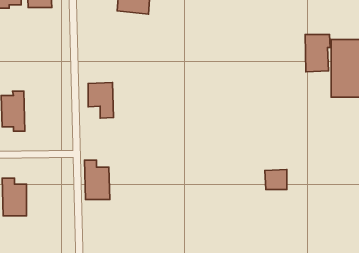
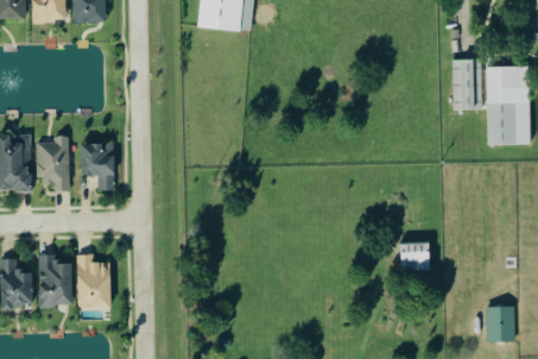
building: [88,83,113,118] -> [81,141,115,190]
building: [84,160,110,199] -> [76,253,110,307]
building: none -> [483,307,512,341]

